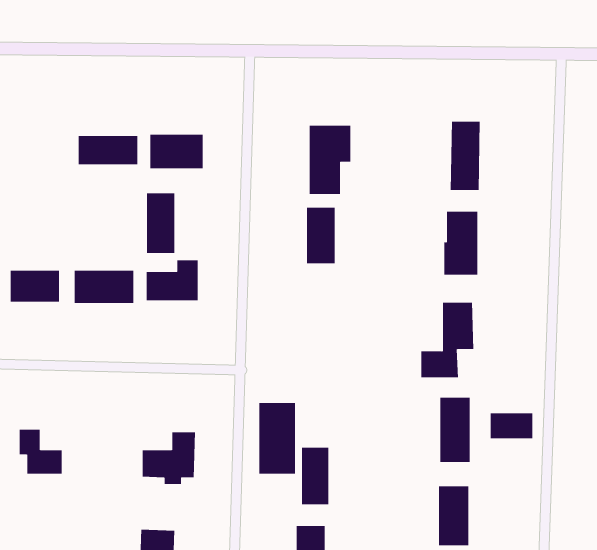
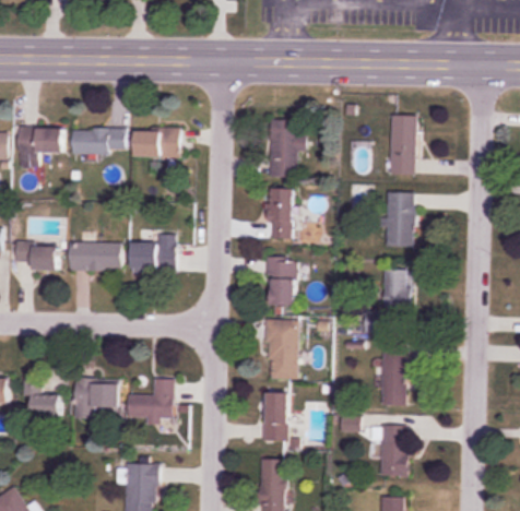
building: none -> [17,126,62,153]
building: [146,192,175,254] -> none
building: none -> [268,257,296,305]
building: [258,402,296,474] -> [267,319,298,380]
building: [490,413,533,439] -> none
building: none -> [74,379,119,417]

